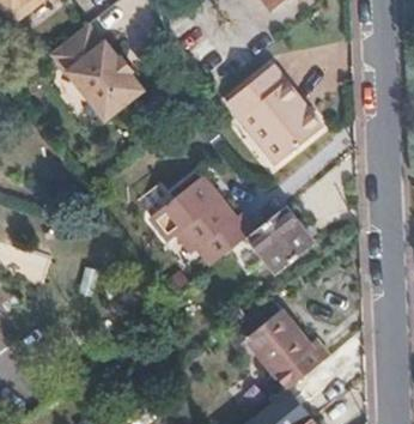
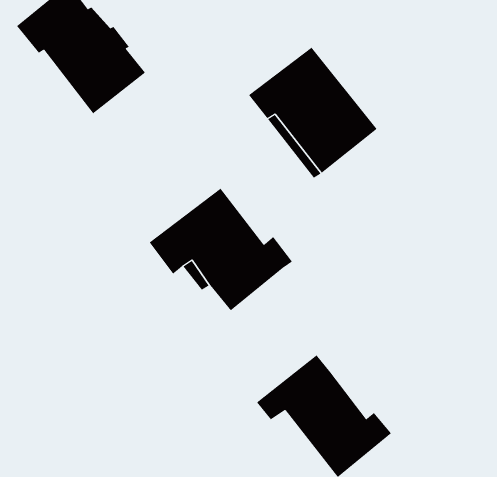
building: [248,205,313,272] -> none

